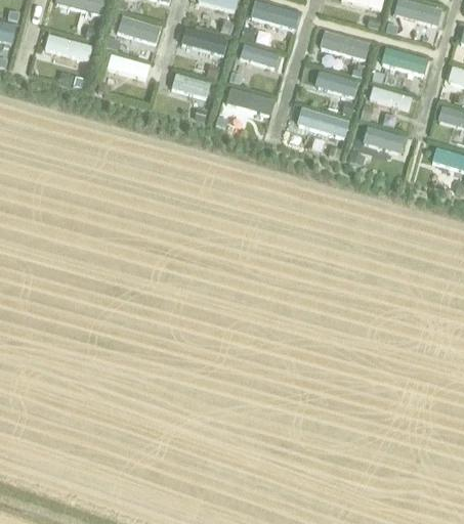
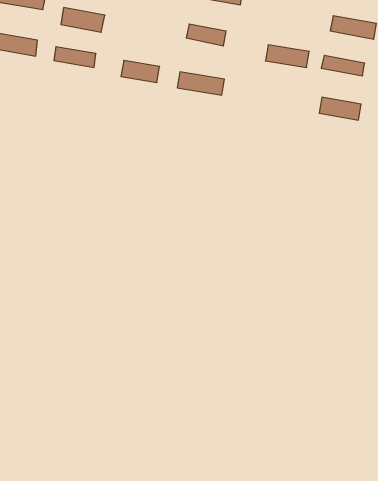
building: [180,29,226,55] -> none
building: [320,32,369,59] -> none
building: [296,107,348,136] -> none

